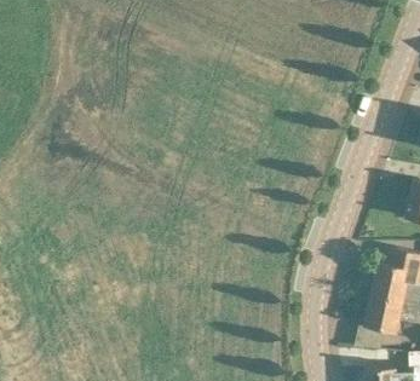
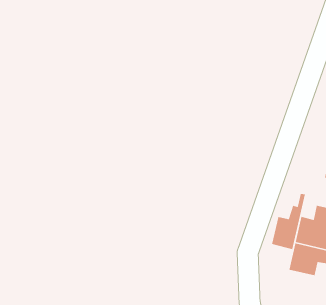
building: none -> [271,193,306,250]

